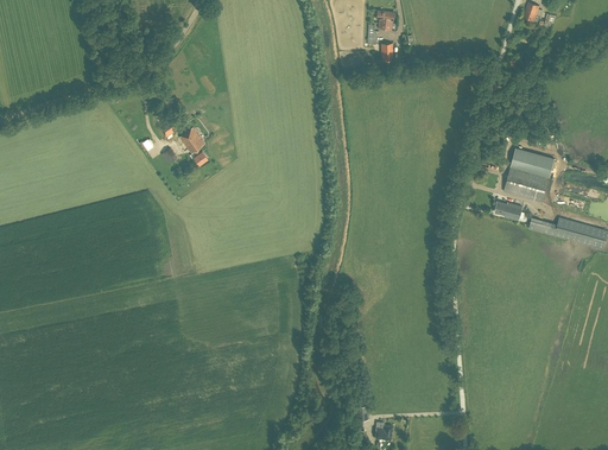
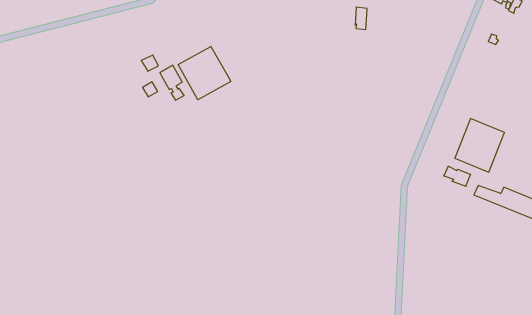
building: none -> [178,46,231,100]

